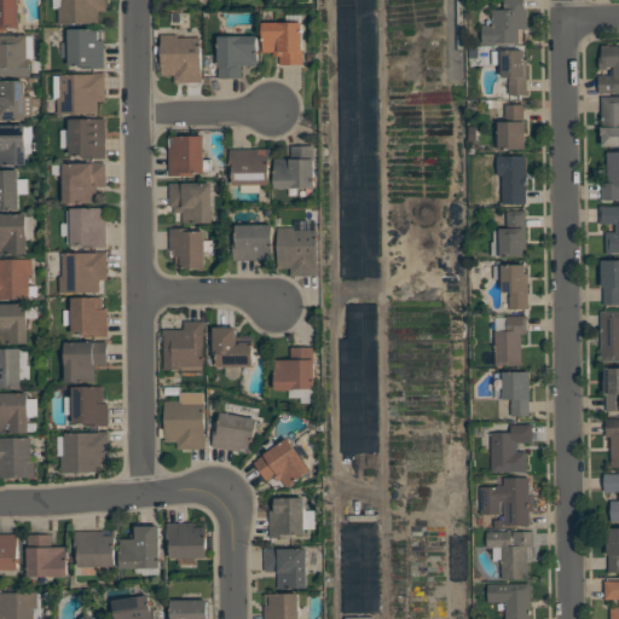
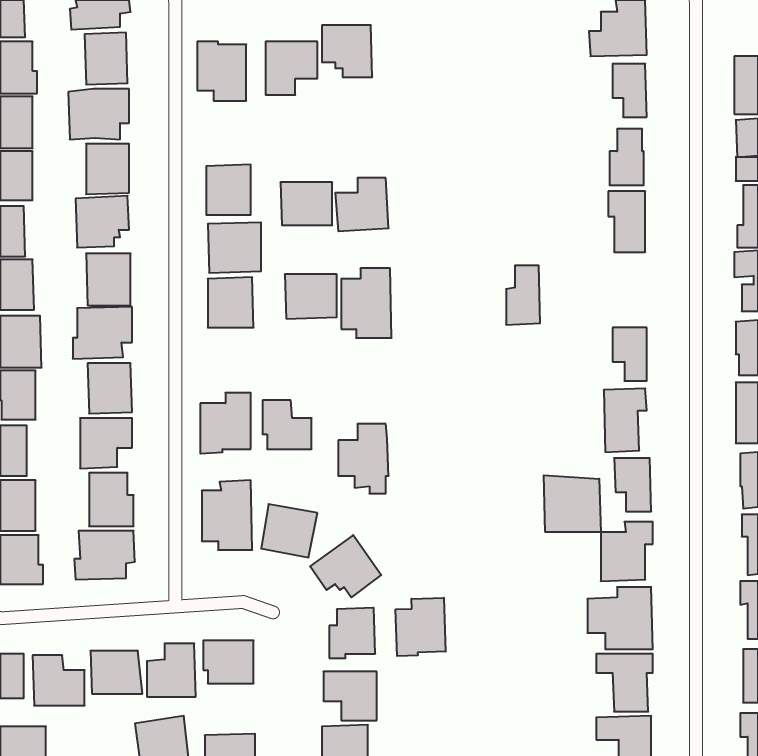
building: [498,213,526,261] -> [506,265,540,325]
building: none -> [544,475,601,532]
building: none -> [396,598,446,656]

